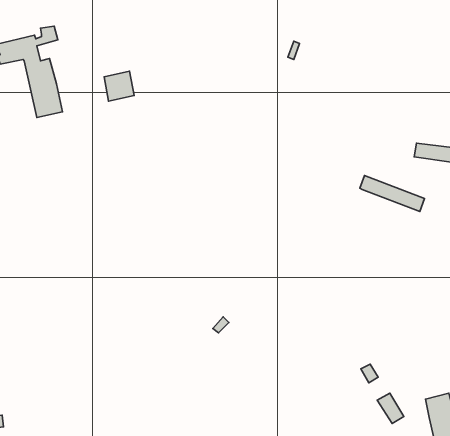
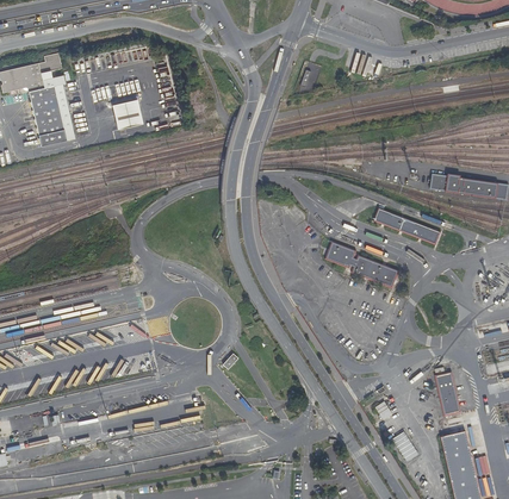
building: none -> [324,239,398,287]
building: none -> [434,370,460,414]

